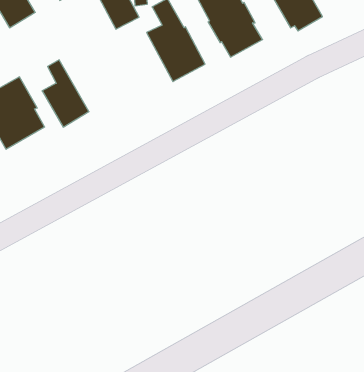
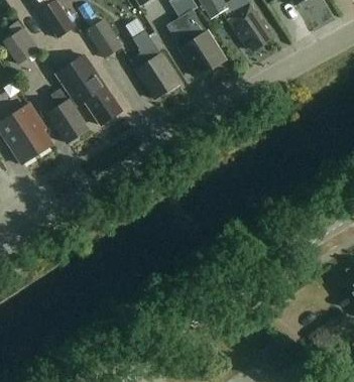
building: none -> [56,54,122,124]

